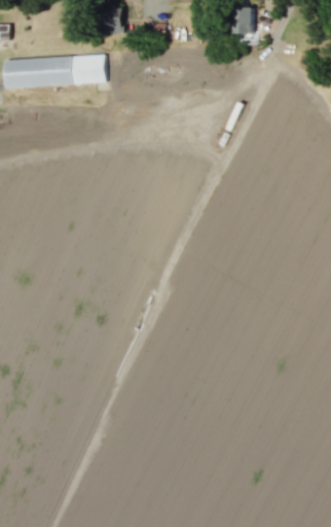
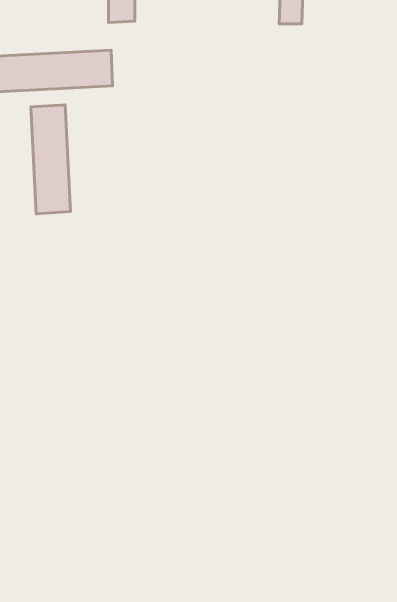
building: none -> [31,105,71,214]

